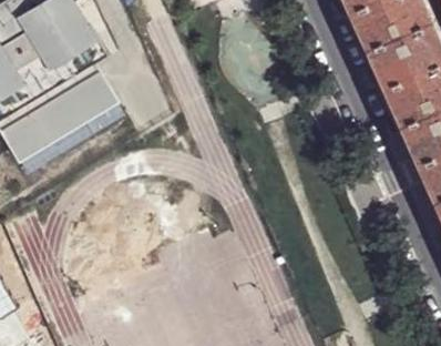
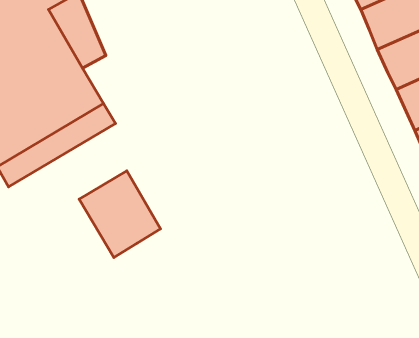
building: none -> [79,171,160,258]

